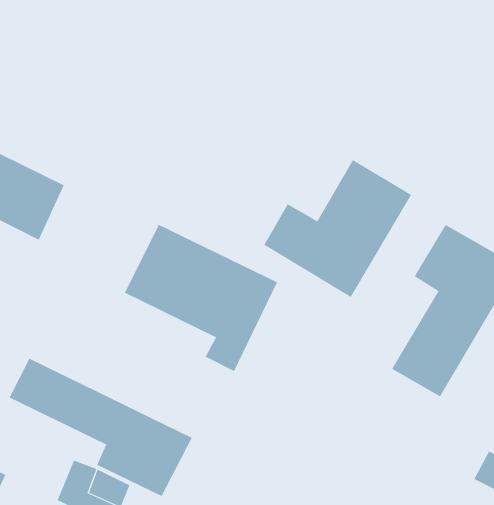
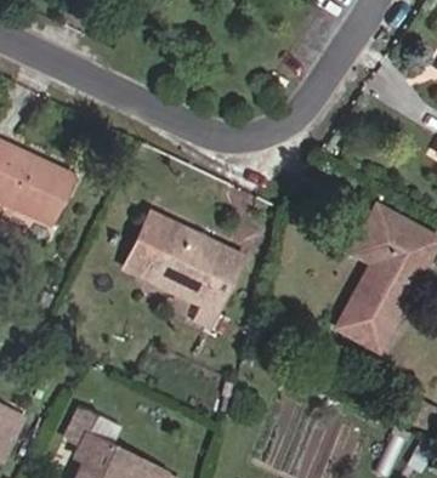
building: [263,159,412,298] -> none
building: [9,358,192,497] -> none

